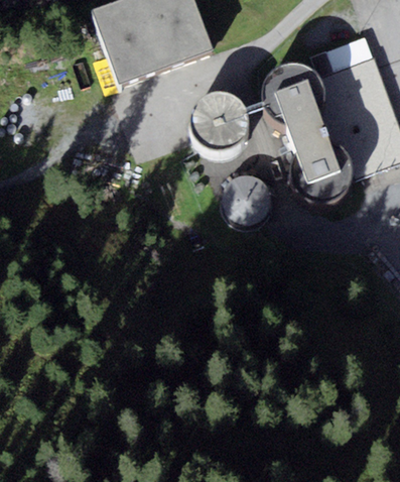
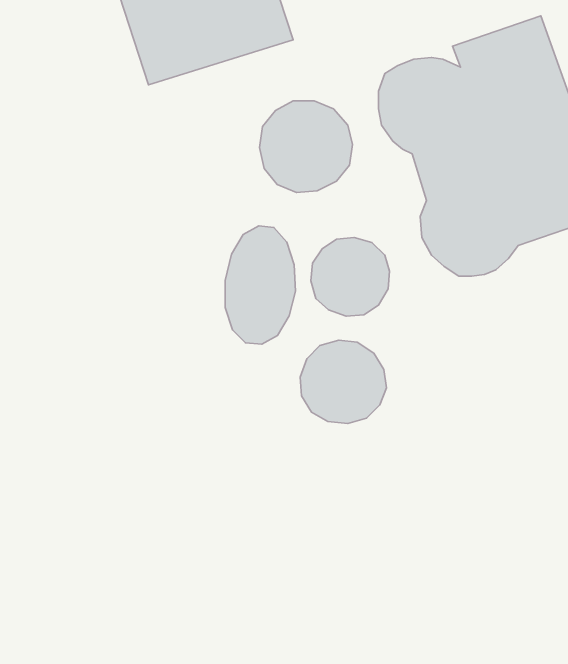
building: none -> [225,226,295,344]
building: none -> [300,340,386,423]

